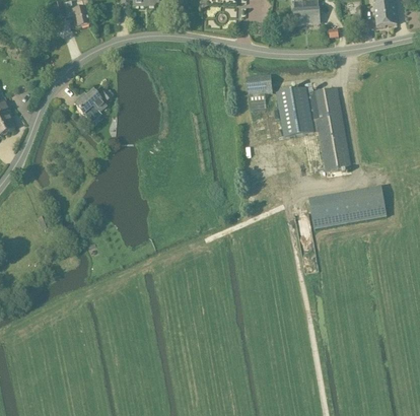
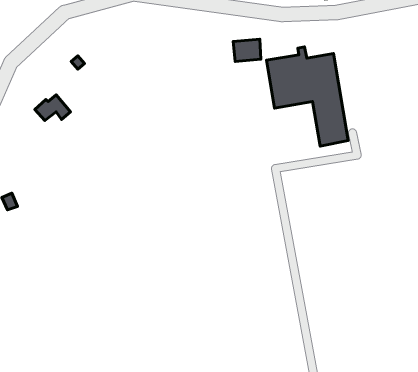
building: [73,89,106,113] -> [35,95,71,121]
building: [309,185,387,228] -> none

